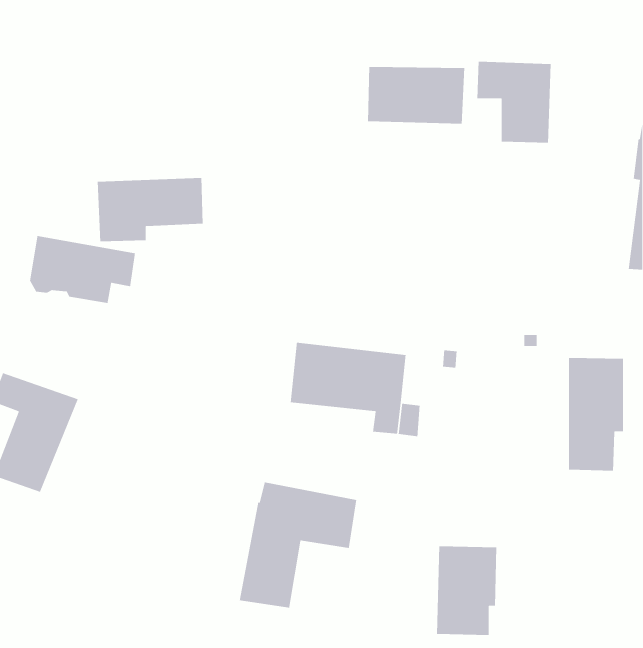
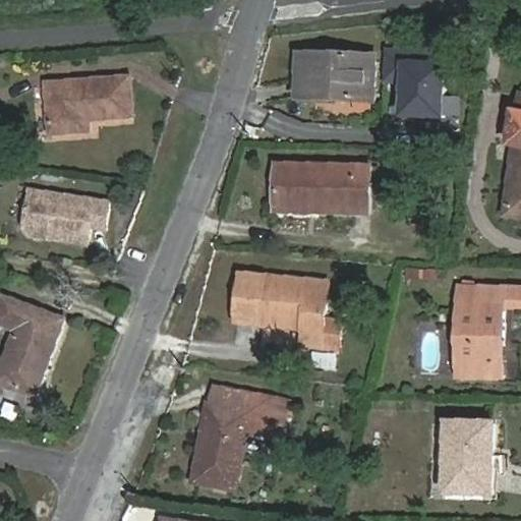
building: [97,177,204,242] -> [46,75,131,127]
building: none -> [272,163,366,213]
building: [436,546,497,636] -> [442,421,490,494]

